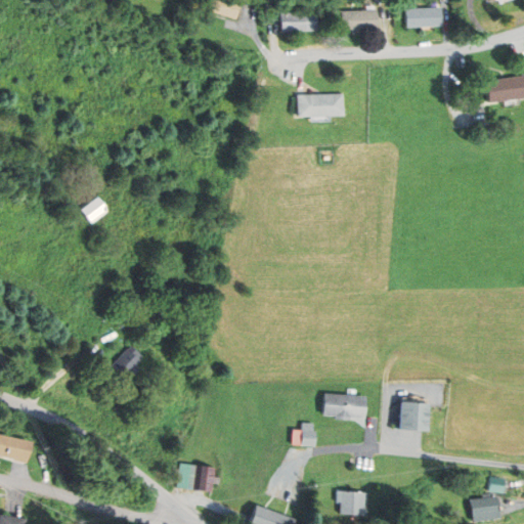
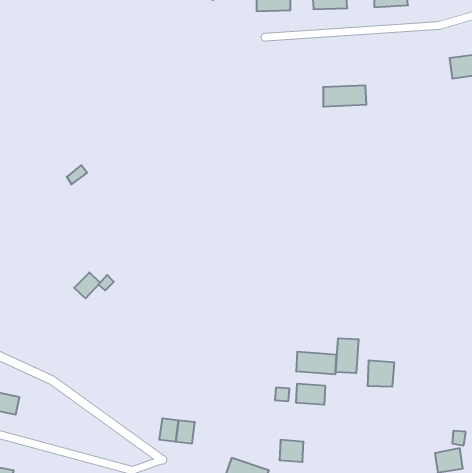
building: [297,93,343,116] -> [323,85,366,107]
building: [112,349,139,377] -> [74,272,100,298]
building: none -> [336,338,359,373]
building: none -> [296,384,325,405]
building: [340,491,365,515] -> [279,440,304,462]

